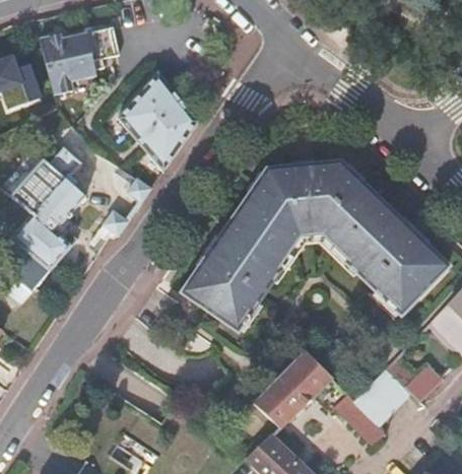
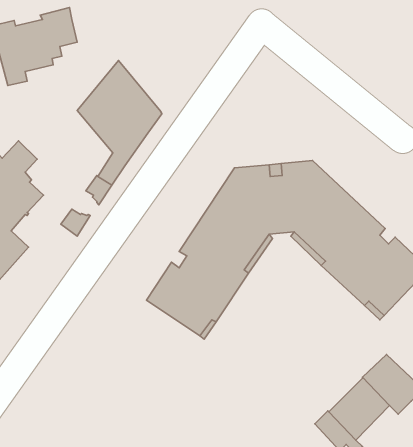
building: [256,352,332,427] -> none

